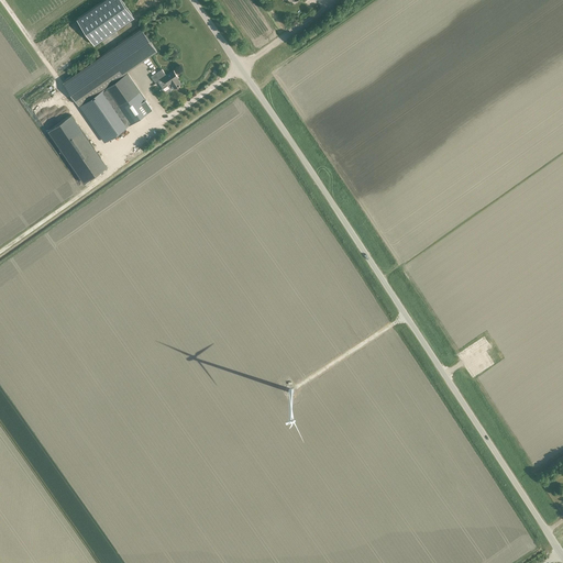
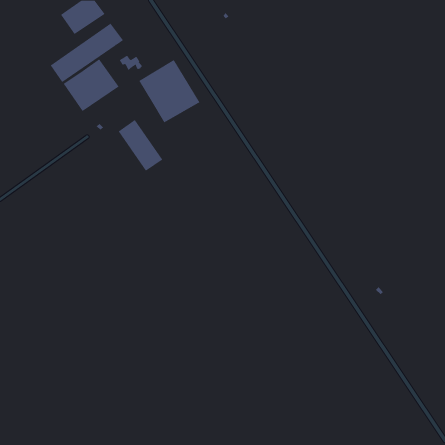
building: none -> [139,59,200,123]
building: [48,117,106,183] -> [118,119,163,172]

